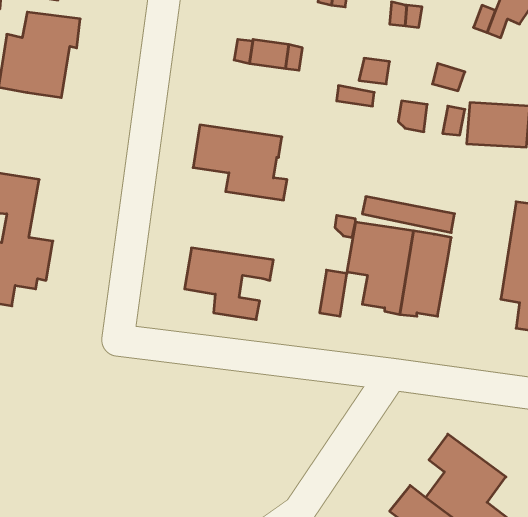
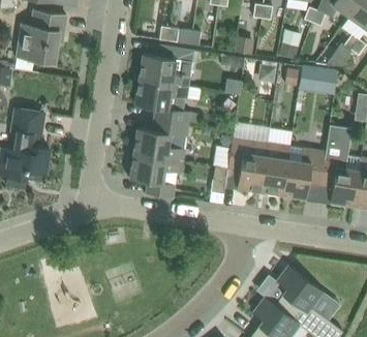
building: none -> [139,44,194,87]
building: none -> [133,120,189,161]
building: none -> [282,148,326,200]

